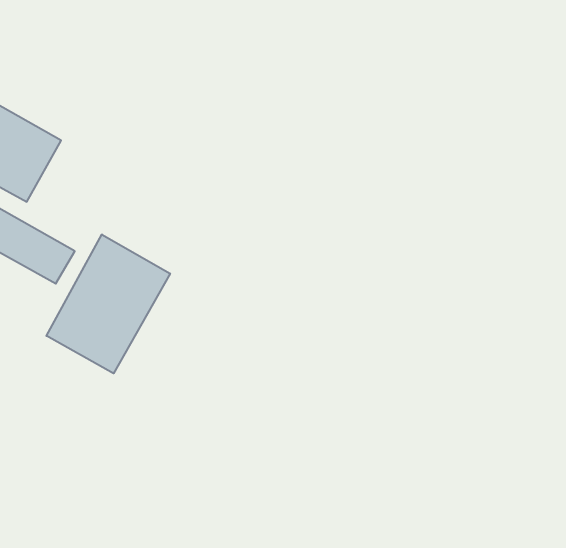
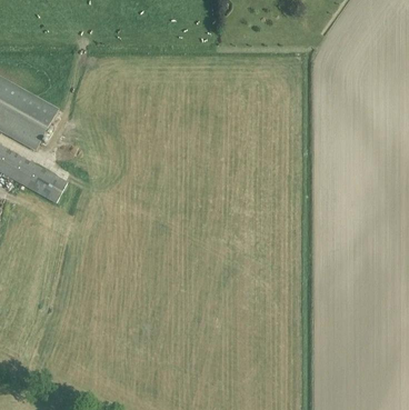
building: [46,234,170,373] -> none

